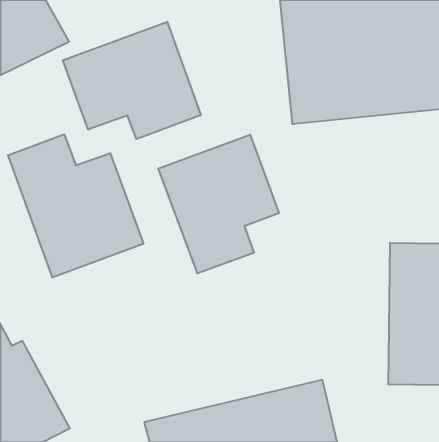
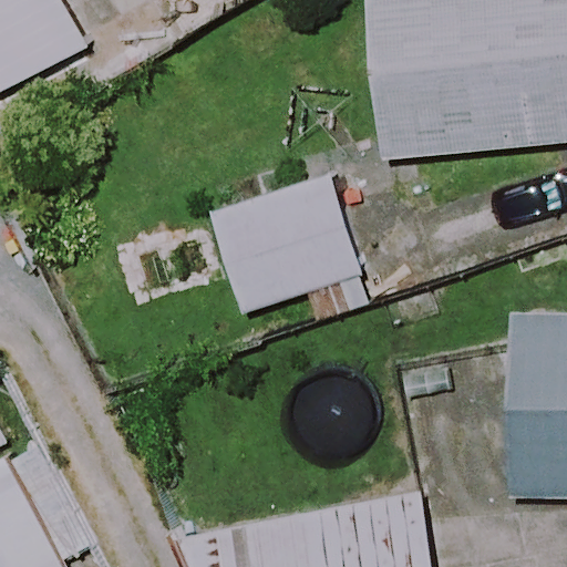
building: [63,22,201,139] -> none
building: [8,134,143,278] -> none

